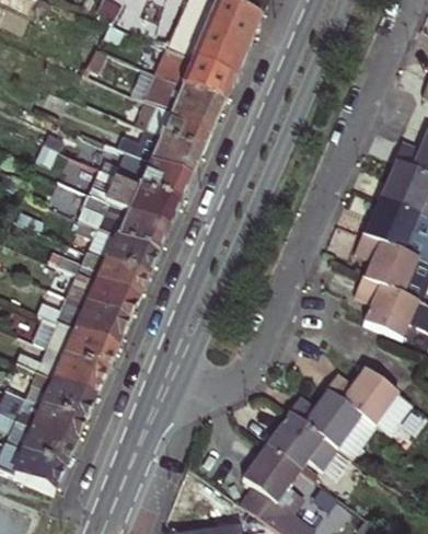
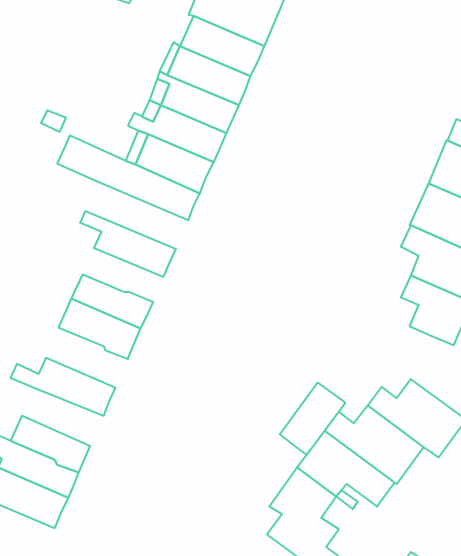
building: [78,193,171,253] -> none
building: [48,251,149,299] -> none
building: [47,321,118,373] -> none
building: none -> [280,383,345,455]
building: [26,373,97,423] -> none

